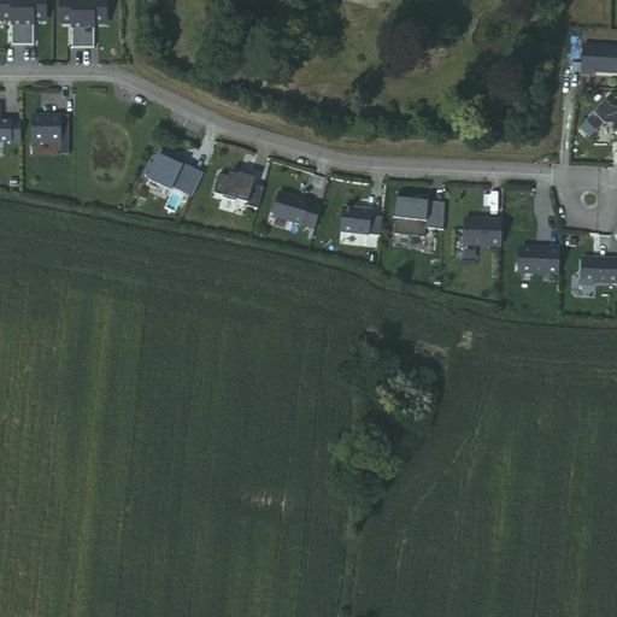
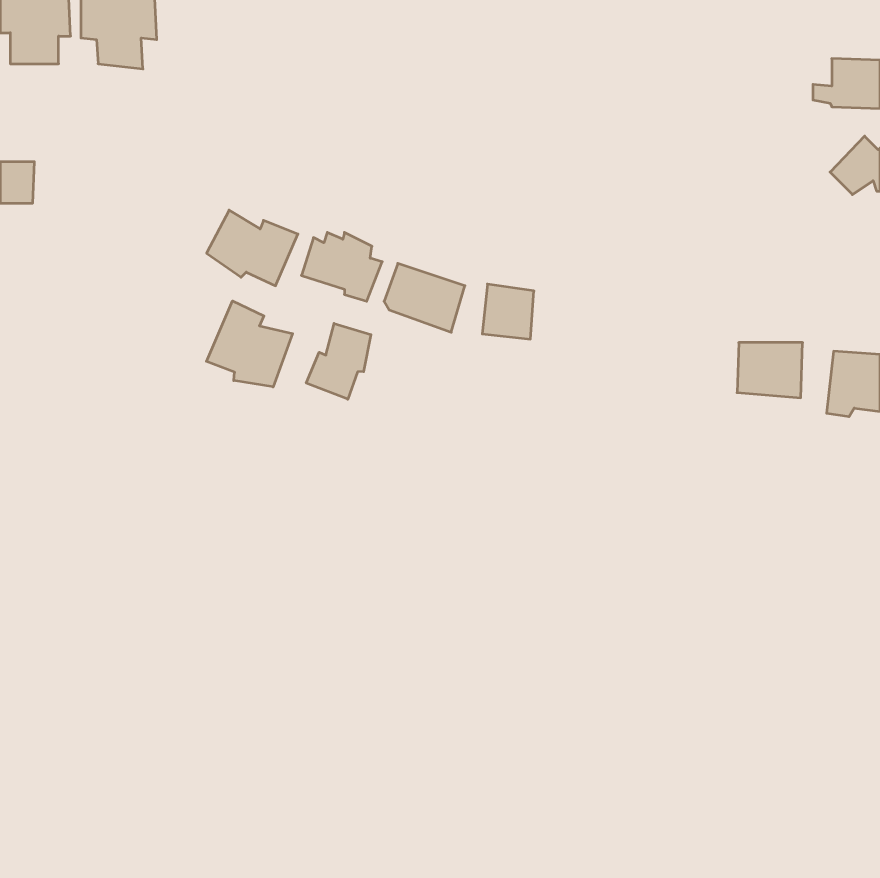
building: [31,110,63,145] -> none
building: [392,192,448,240] -> none
building: none -> [206,301,293,387]
building: [463,212,505,246] -> none
building: none -> [306,323,371,399]

